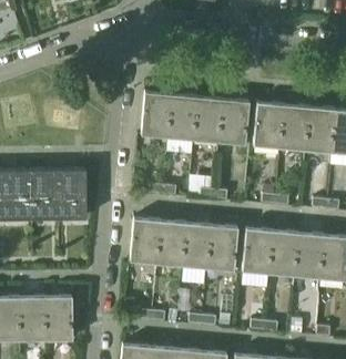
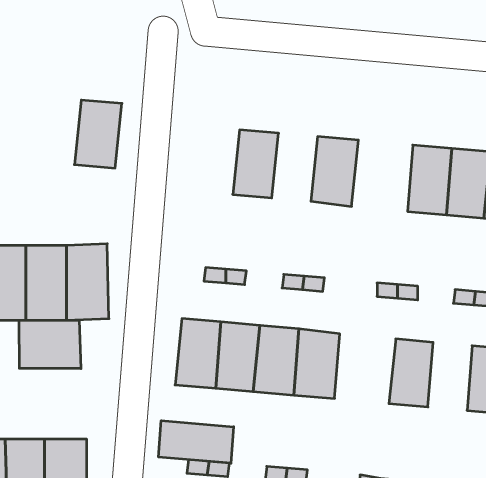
building: [141,93,172,137] -> [74,100,122,168]
building: [193,98,223,142] -> none
building: [253,103,285,148] -> none
building: none -> [19,320,81,369]
building: [242,228,274,274] -> none
building: [295,234,324,278] -> none
building: none -> [159,421,234,463]

